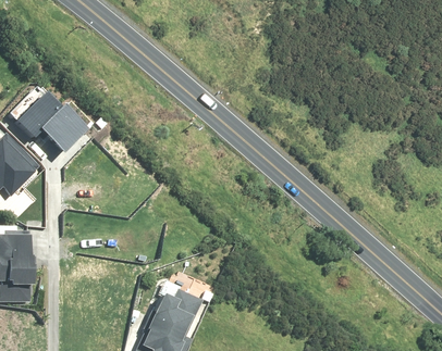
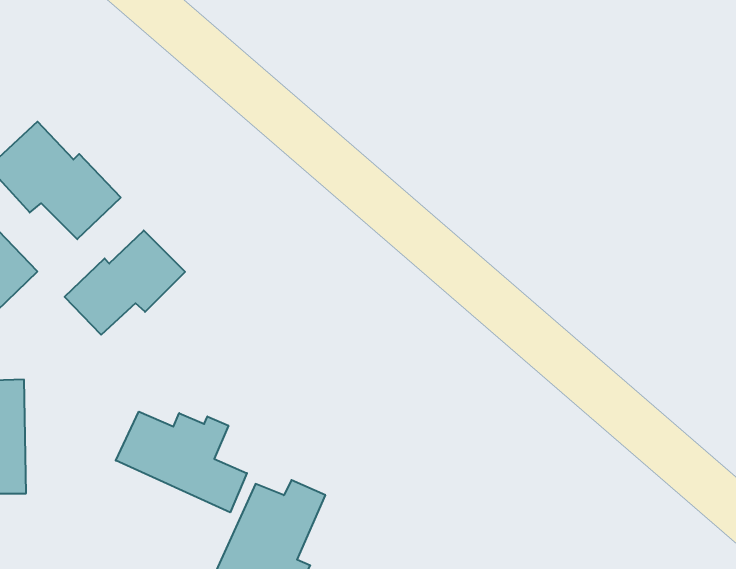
building: none -> [65,230,185,335]
building: none -> [116,412,247,512]

